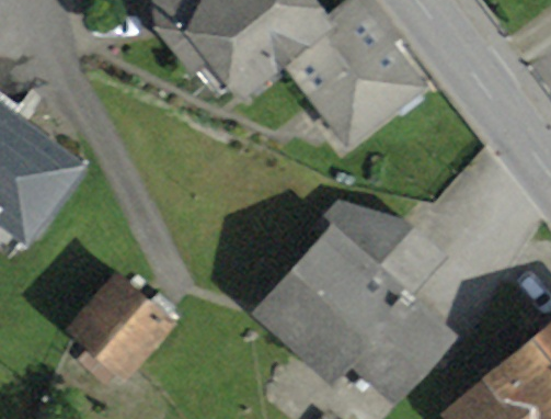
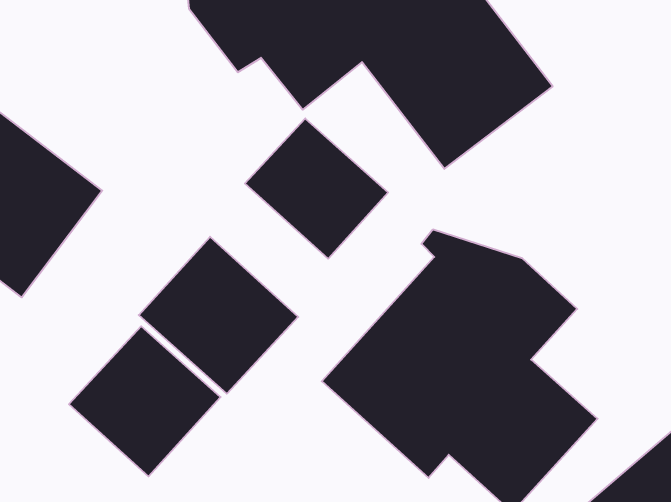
building: none -> [245,118,388,259]
building: none -> [139,237,298,394]

